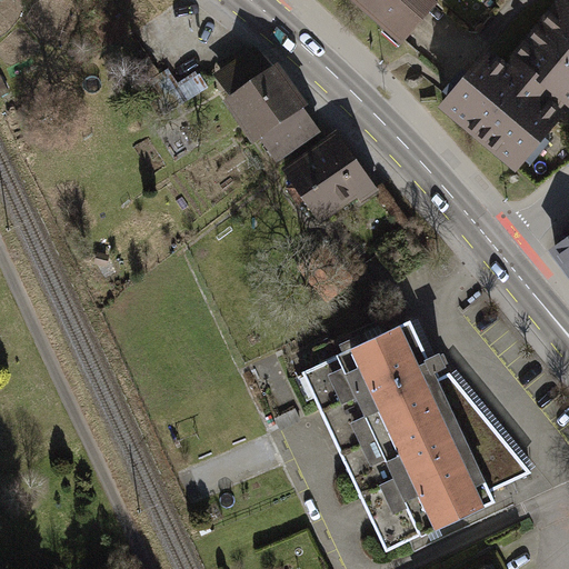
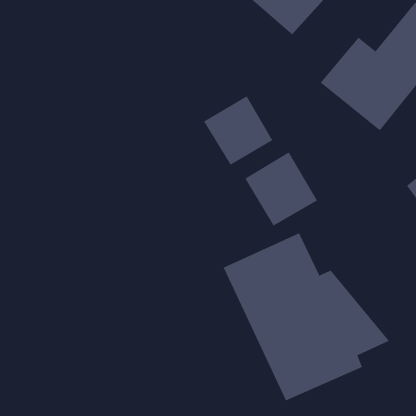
building: [213,47,311,158] -> none
building: none -> [245,152,318,226]

